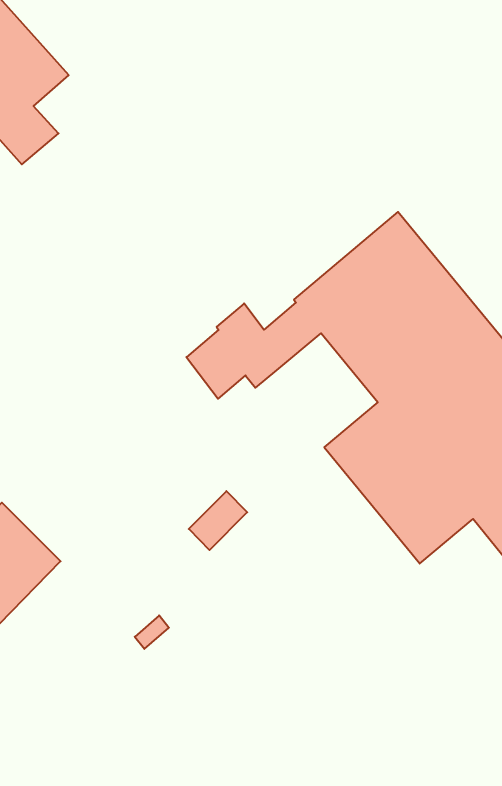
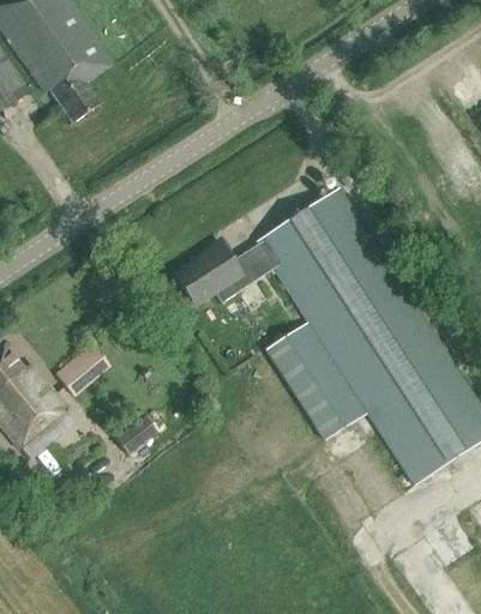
building: none -> [55,343,110,397]
building: [189,491,247,550] -> [115,414,158,455]

